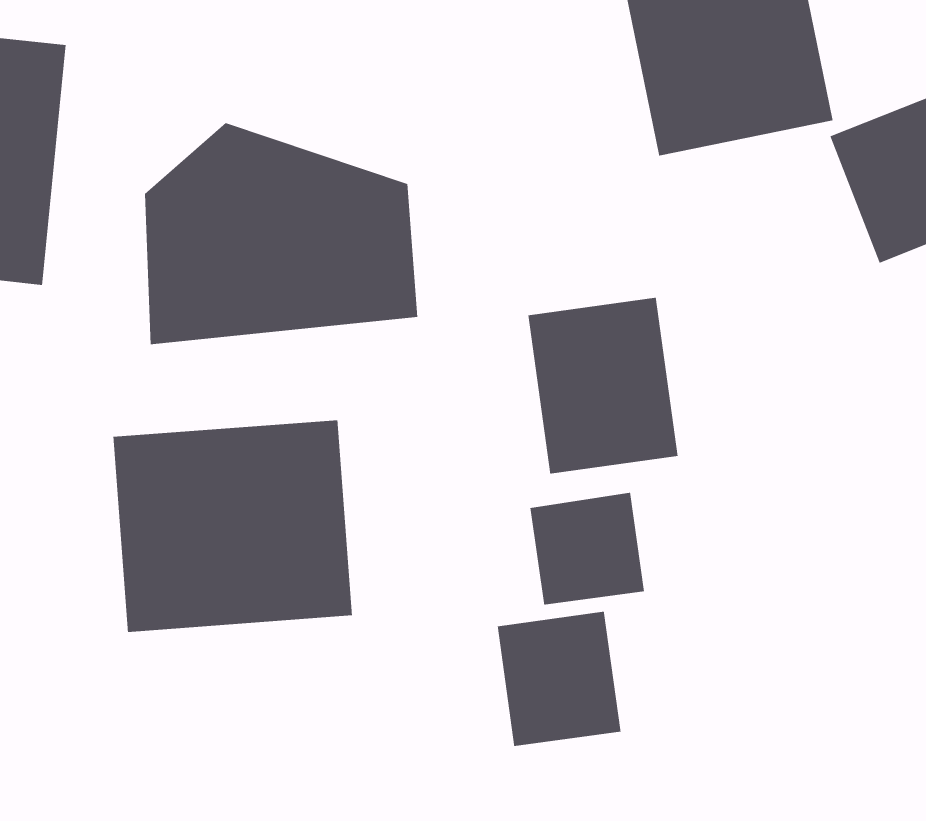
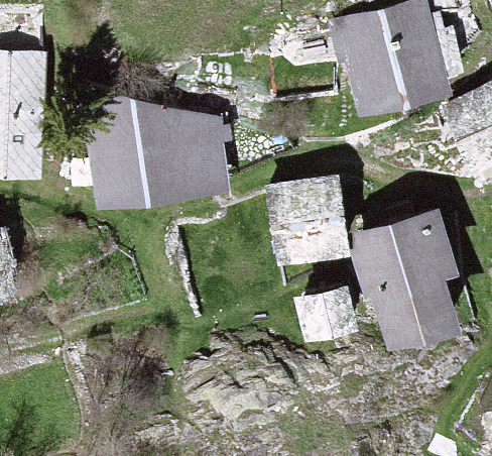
building: none -> [367,217,468,356]
building: [113,419,352,633] -> none
building: [497,611,621,747] -> none

